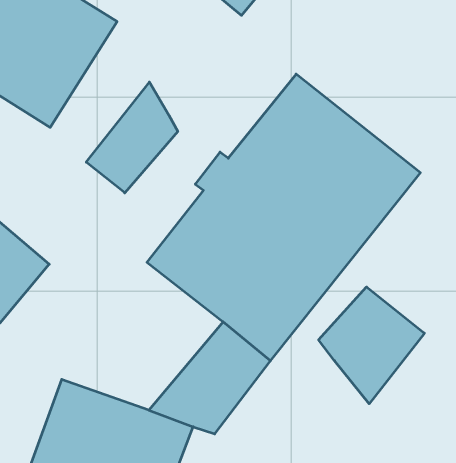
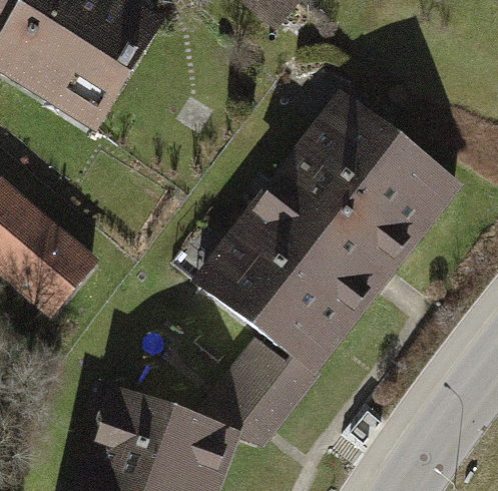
building: [86,82,178,193] -> none
building: [319,287,424,404] -> none

